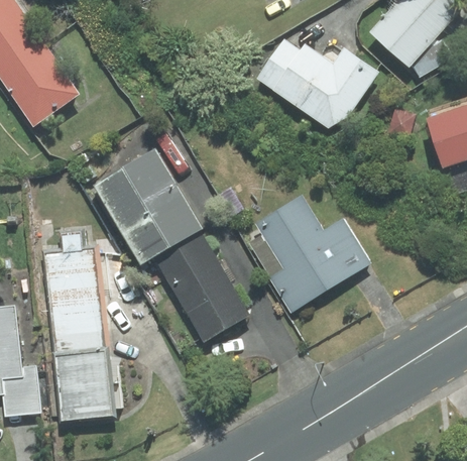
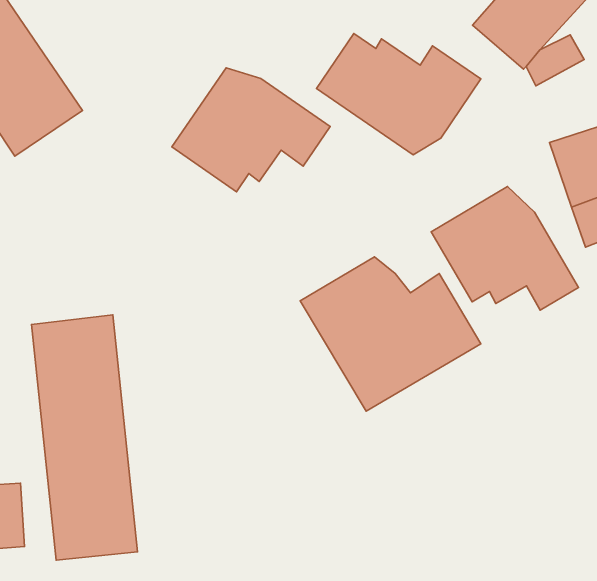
building: none -> [172,68,330,192]
building: [92,149,248,342] -> none
building: none -> [431,187,578,310]

